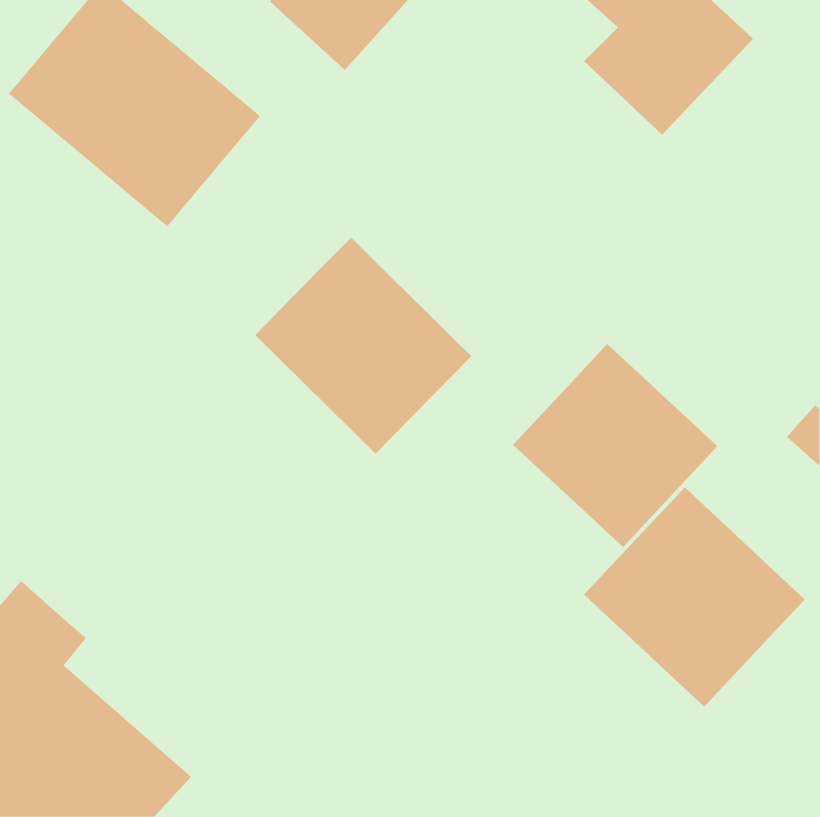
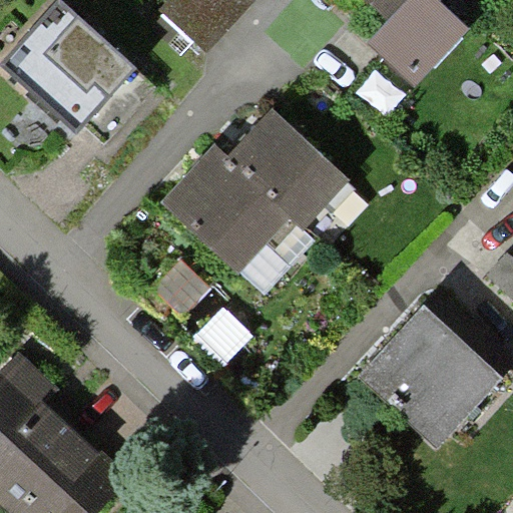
building: none -> [230,114,348,230]
building: [512,343,718,548] -> none

